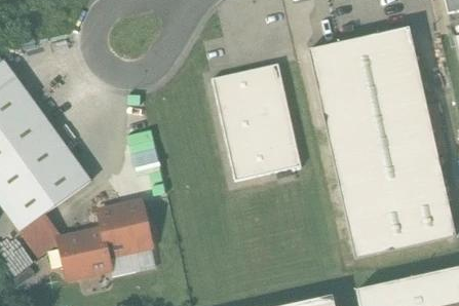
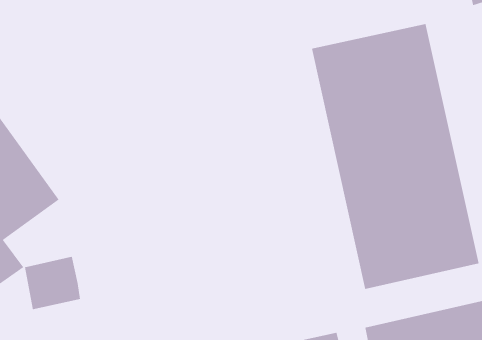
building: [213,63,301,180] -> none
building: [99,201,149,252] -> none

